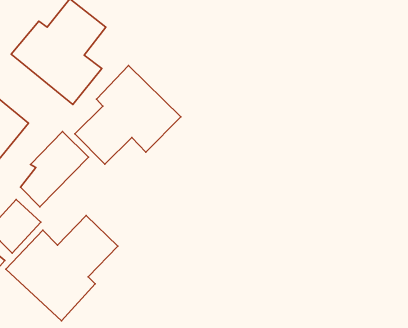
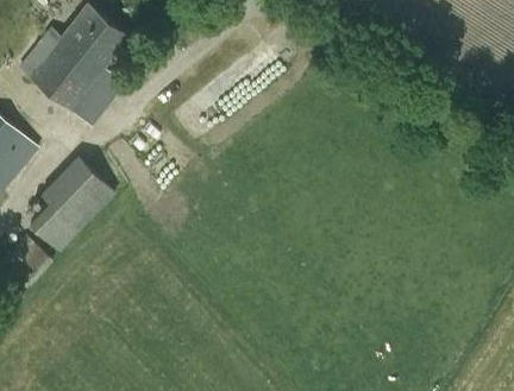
building: [75,65,181,164] -> none
building: [6,216,118,321] -> none

